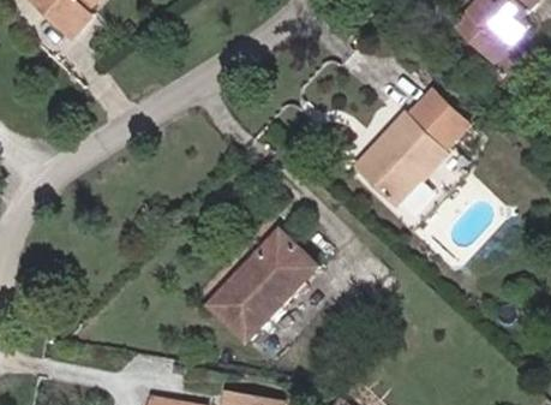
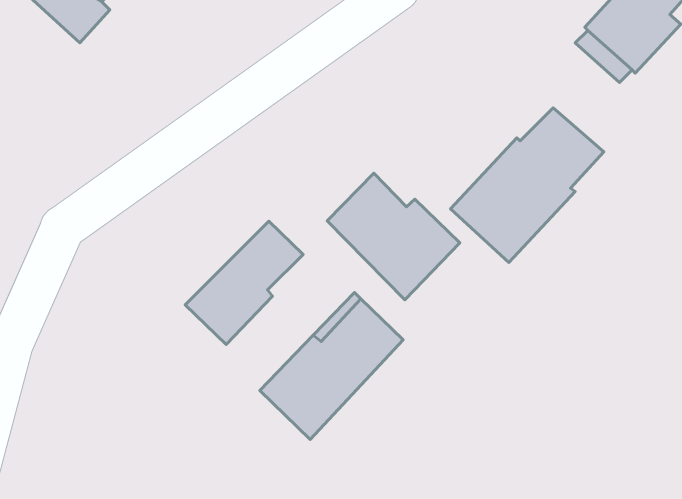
building: none -> [327,173,460,300]
building: none -> [185,221,303,344]

